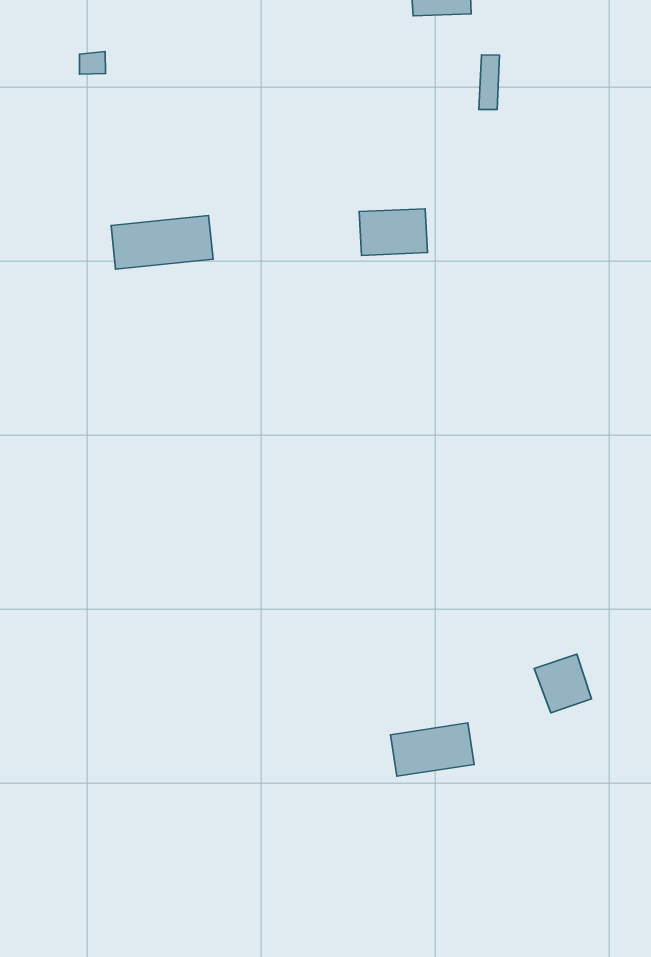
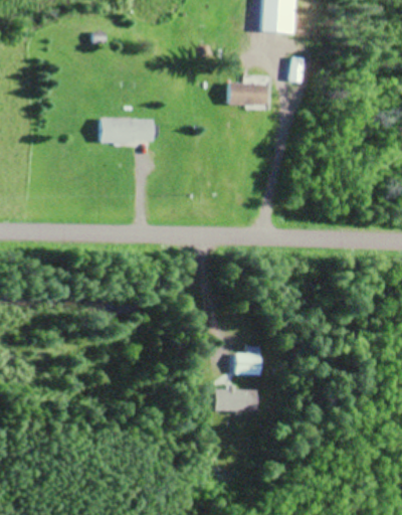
building: [359,209,428,255] -> [228,82,262,107]
building: [534,654,592,713] -> [234,348,261,376]

